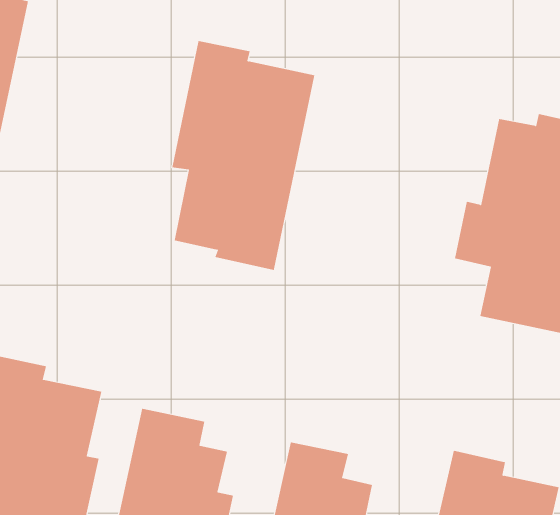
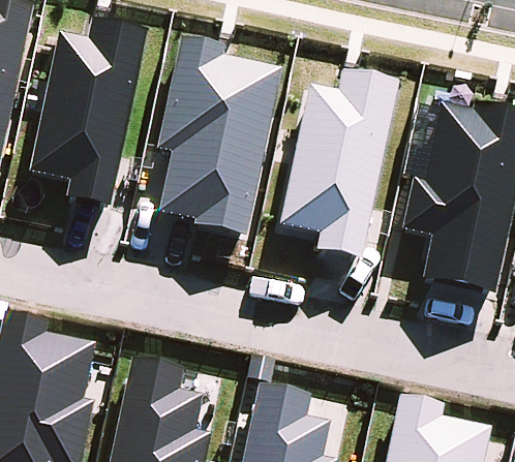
building: none -> [28,20,148,207]
building: none -> [278,71,399,259]

